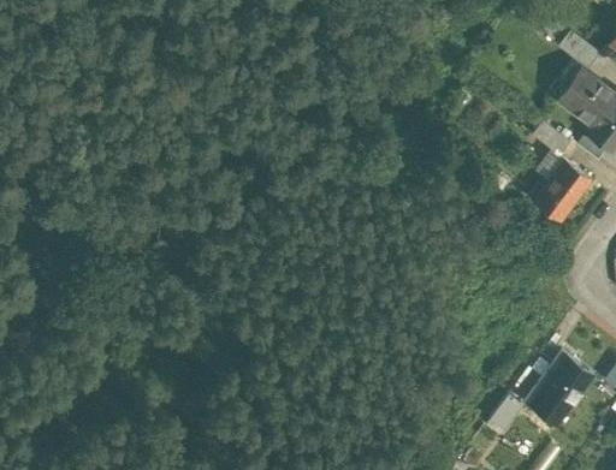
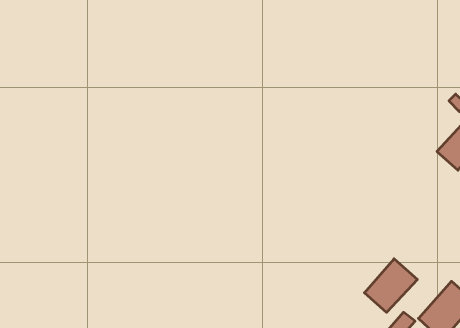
building: none -> [364,259,417,312]

